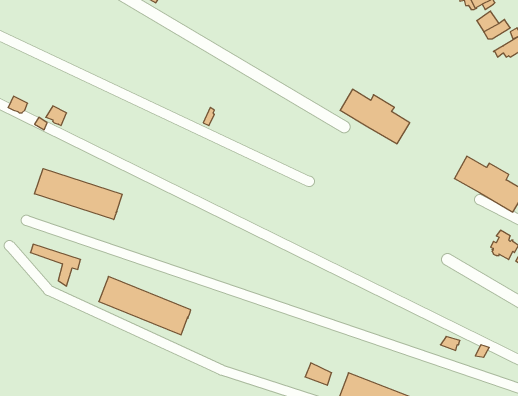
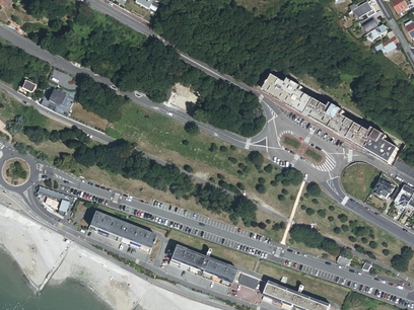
building: none -> [304,98,355,139]
building: [34,169,122,220] -> none
building: none -> [168,244,235,286]

